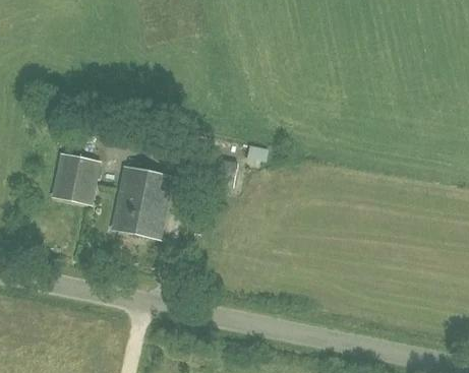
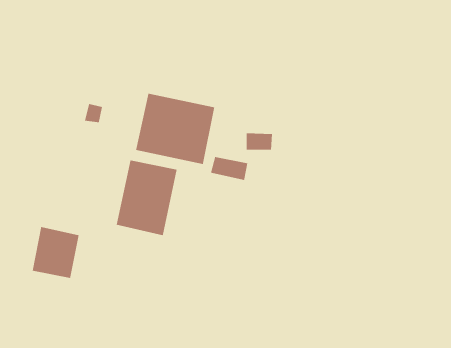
building: none -> [136,93,215,165]
building: [54,153,99,202] -> [32,227,80,279]

